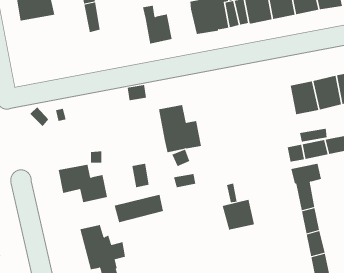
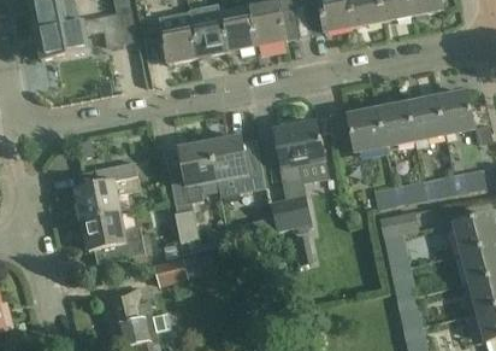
building: none -> [222,13,258,52]
building: none -> [34,21,88,60]
building: none -> [160,21,199,64]
building: none -> [347,111,384,154]
building: none -> [274,123,324,183]
building: none -> [170,141,217,206]
building: none -> [75,159,141,218]
building: [222,199,255,230] -> [270,194,312,234]

